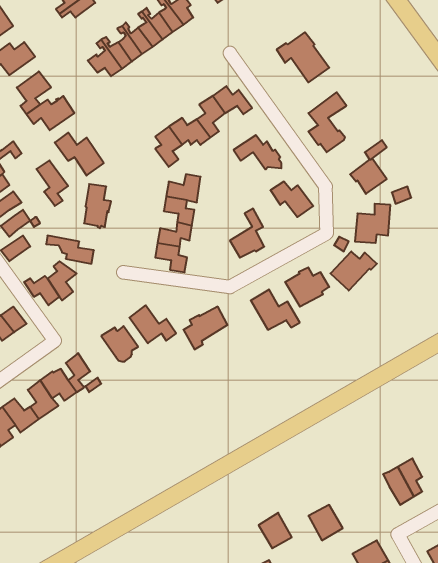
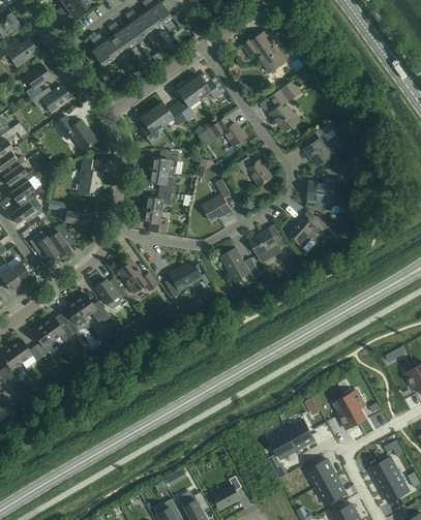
building: [36,160,68,206] -> none
building: none -> [74,294,106,318]
building: [259,513,292,548] -> [287,419,314,449]

